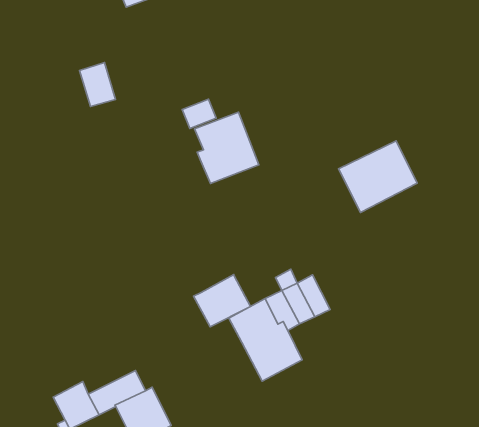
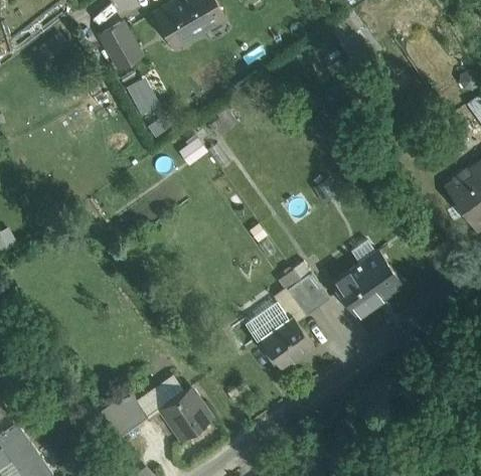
building: [79,62,115,107] -> [127,75,161,115]
building: [195,112,259,183] -> none
building: [339,141,417,213] -> [331,252,399,317]
building: [194,275,251,327] -> none

